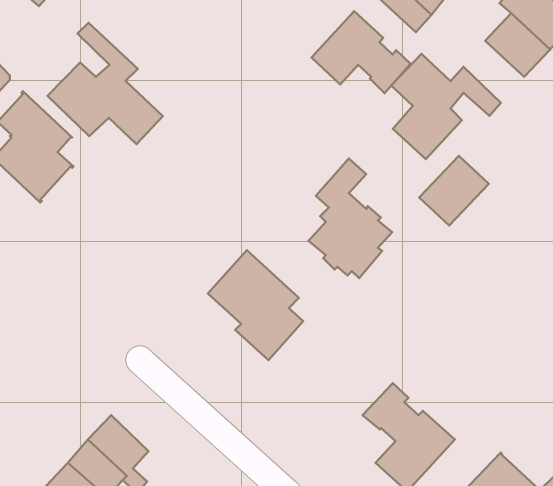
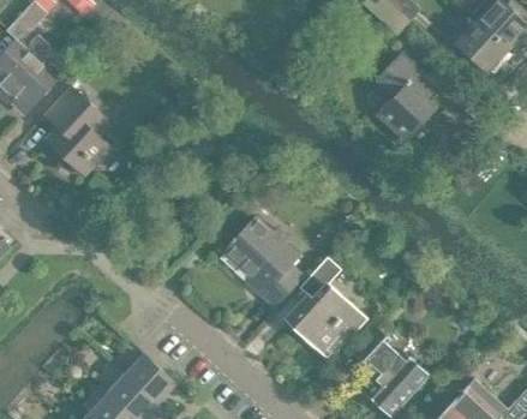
building: [311,11,411,93] -> none
building: [47,23,163,144] -> none
building: [419,156,489,226] -> none
building: [309,158,392,278] -> [293,256,363,355]

